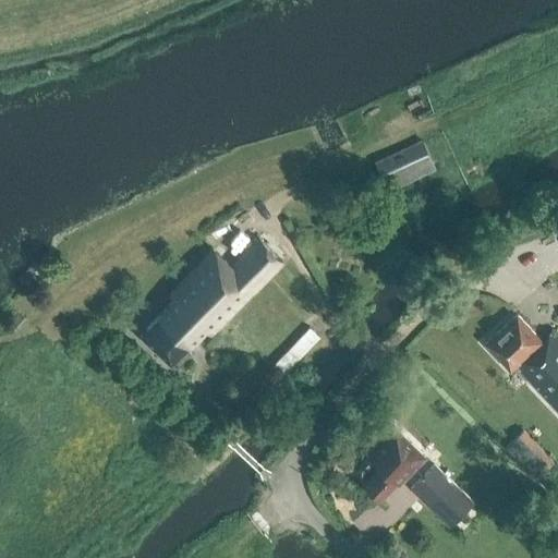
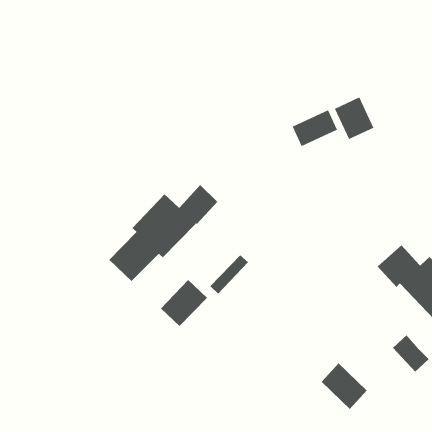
building: none -> [334,97,374,140]
building: none -> [160,279,208,327]
building: [360,427,425,499] -> none

